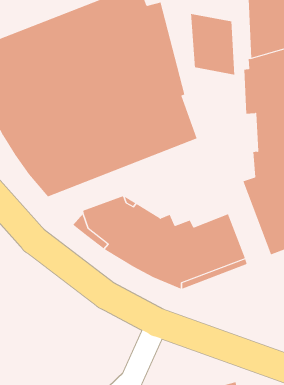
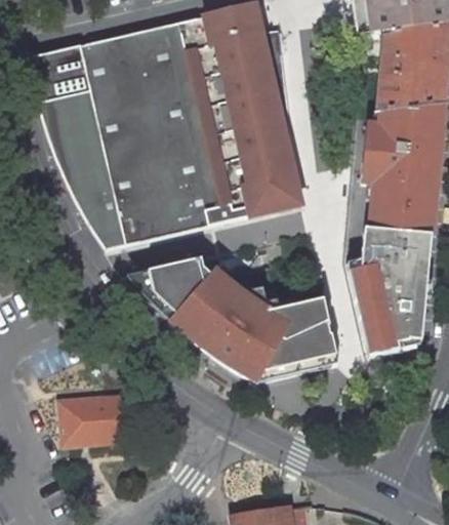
building: [191,13,235,76] -> none
building: none -> [59,397,135,446]

